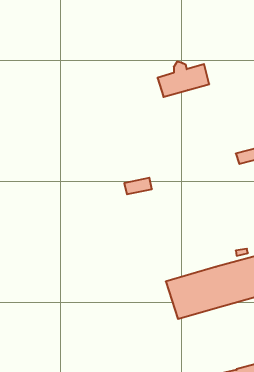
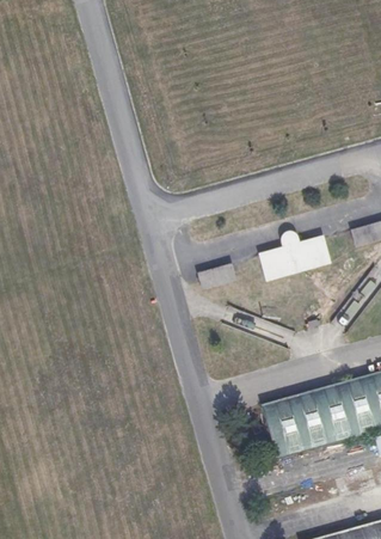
building: [157,62,209,97] -> [259,231,331,280]

